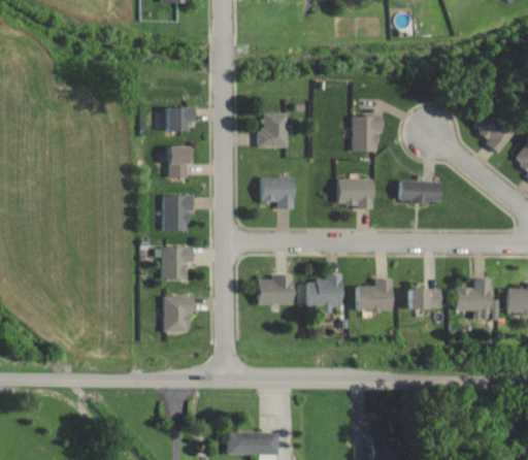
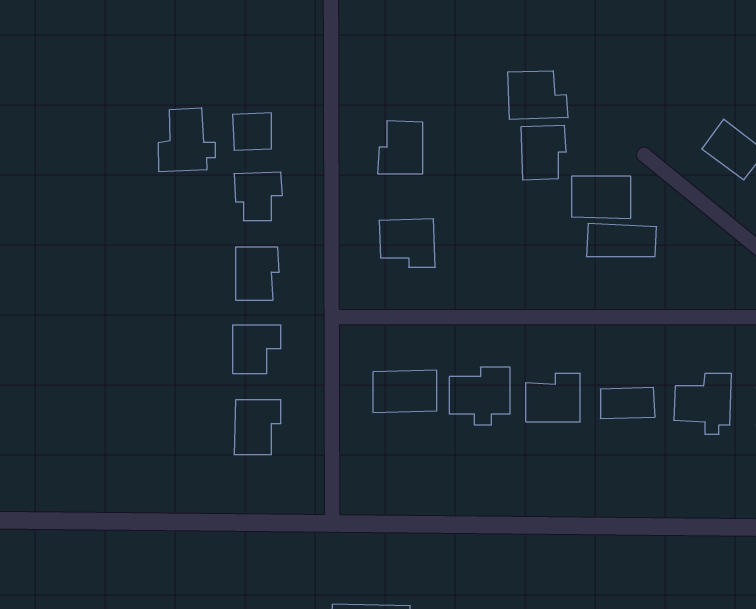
building: none -> [508,71,568,119]
building: none -> [159,108,215,172]
building: [336,178,375,206] -> [572,176,631,218]

